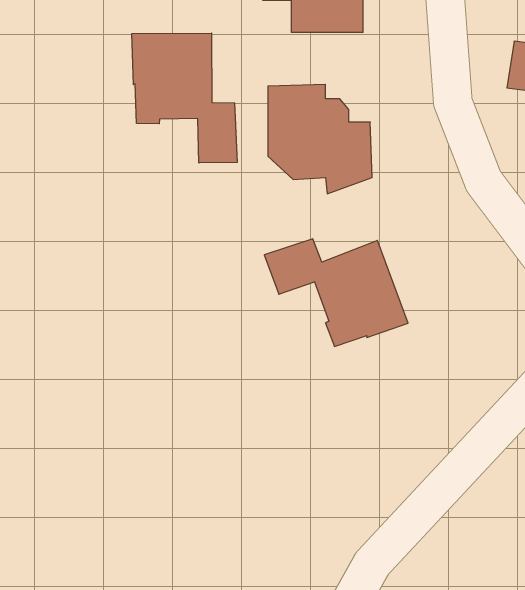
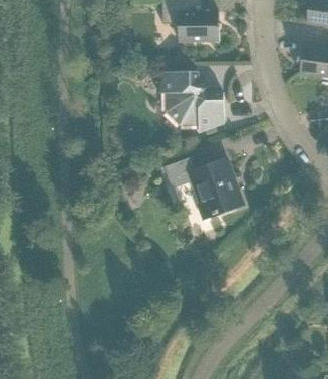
building: [132,33,237,163] -> none

